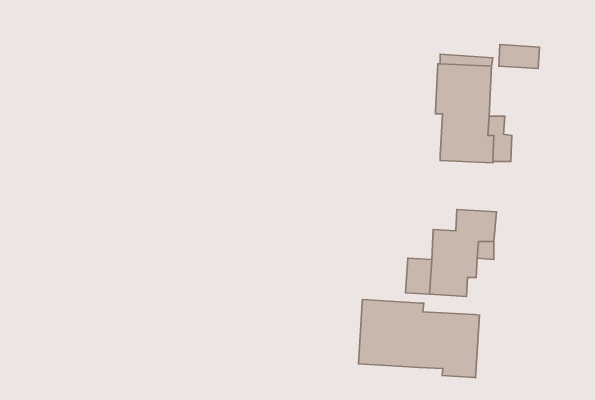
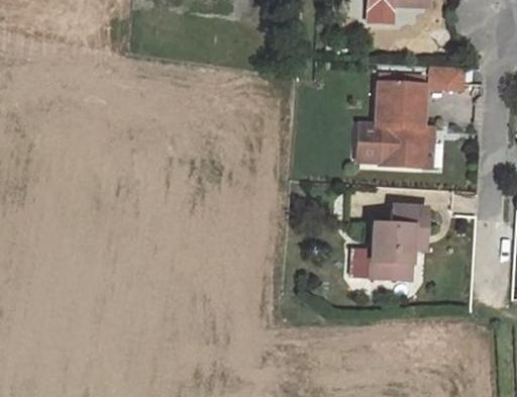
building: none -> [357,124,383,163]
building: [358,300,480,378] -> none

